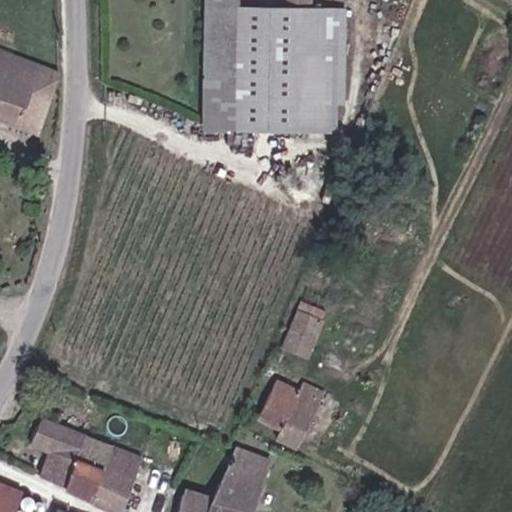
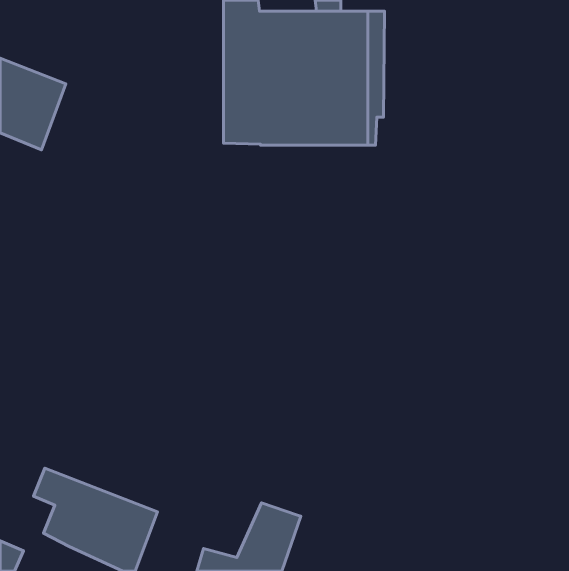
building: [283,301,323,358] -> none
building: [258,381,325,449] -> none

